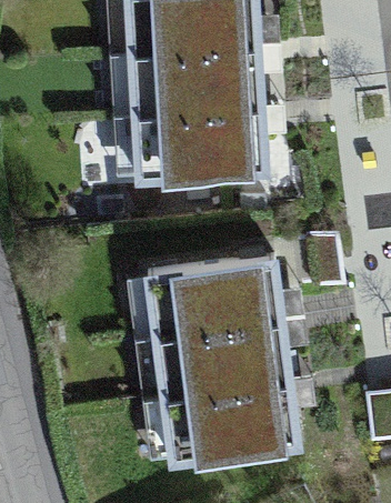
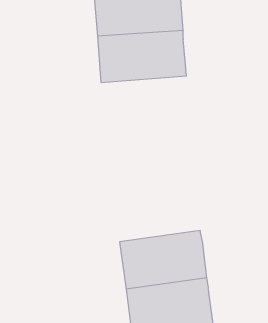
building: [141,117,262,190] -> none
building: [158,265,277,343] -> none

